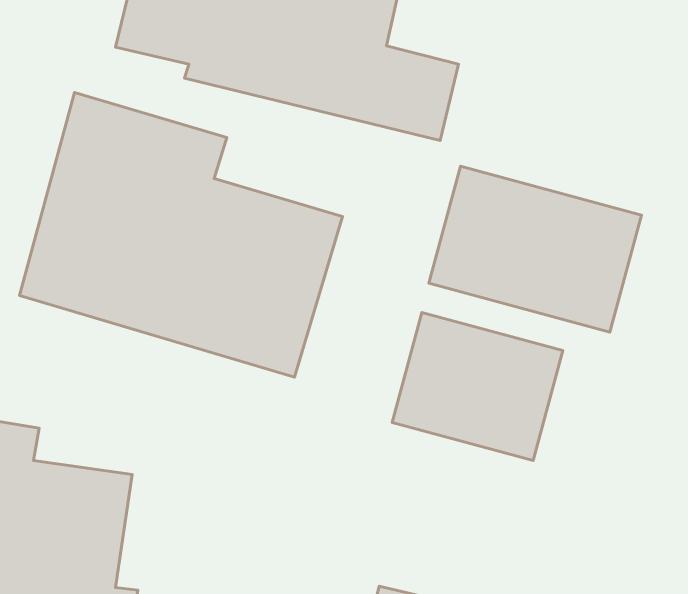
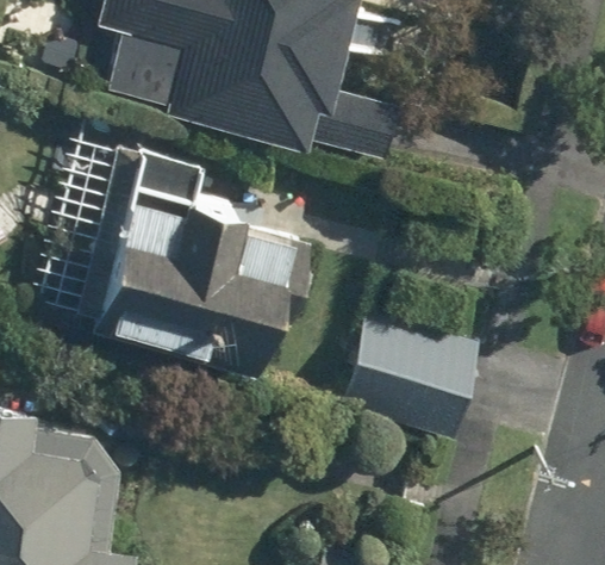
building: [429,166,641,332] -> none

